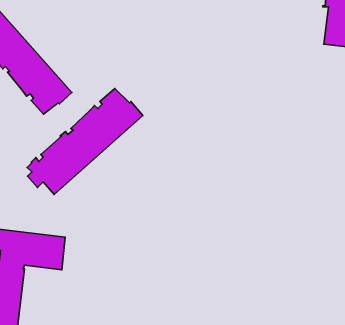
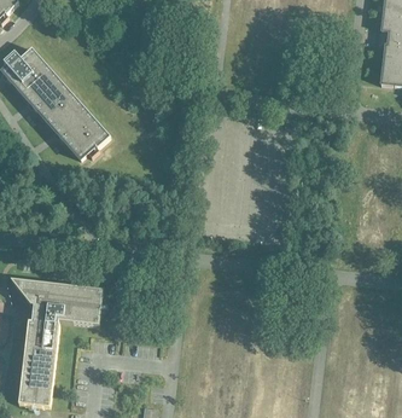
building: [27,88,143,195] -> none

